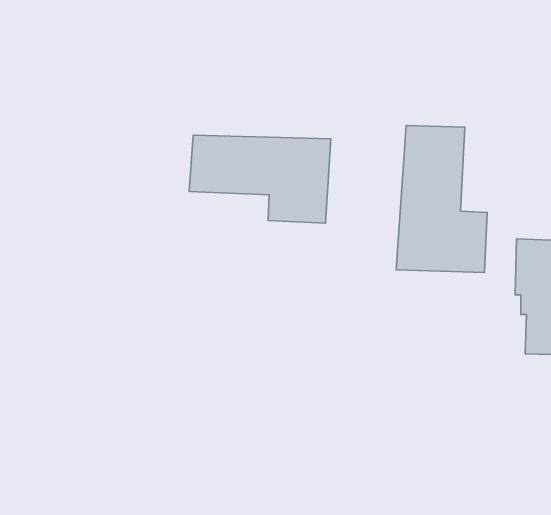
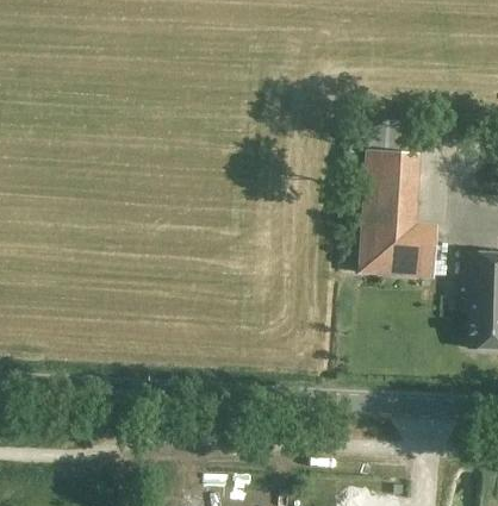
building: [189,135,331,223] -> none

